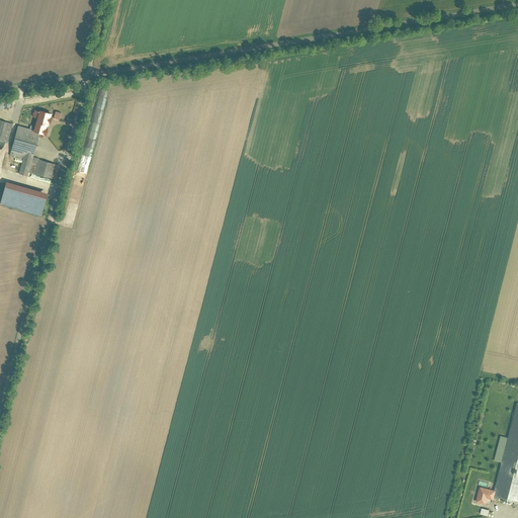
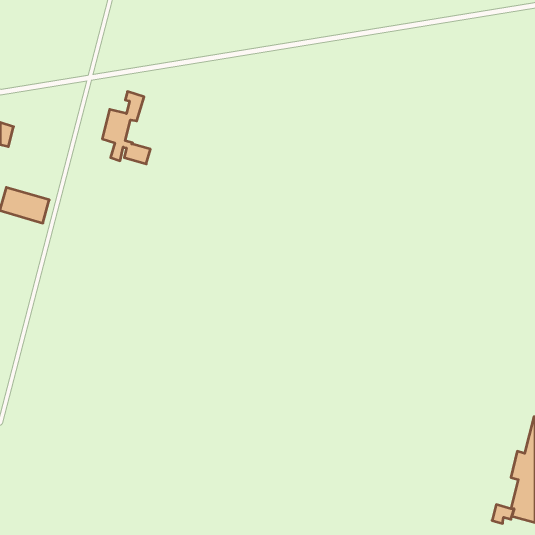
building: [11,108,58,178] -> [102,92,150,164]

